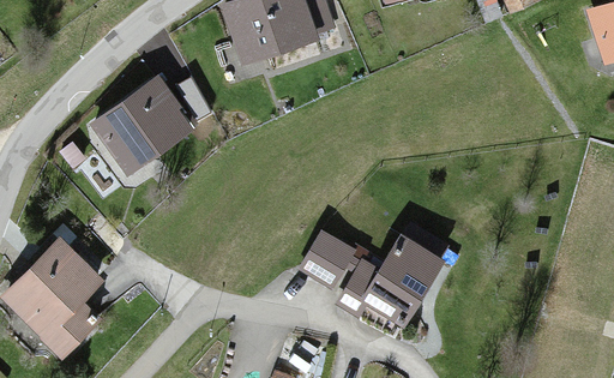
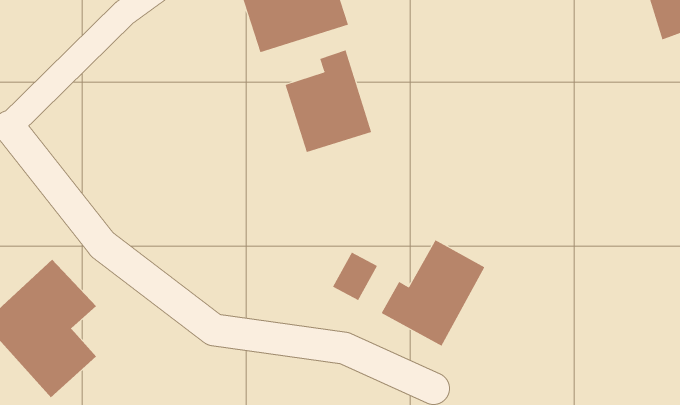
building: none -> [285,49,372,153]
building: [94,79,193,173] -> none

